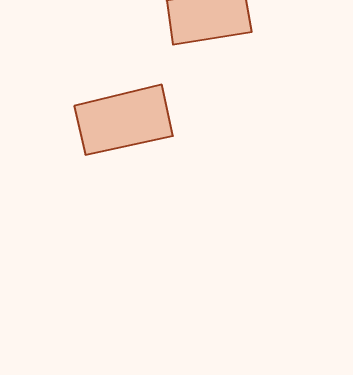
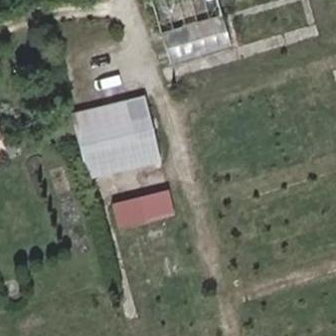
building: none -> [90,142,166,177]
building: none -> [115,186,175,222]

